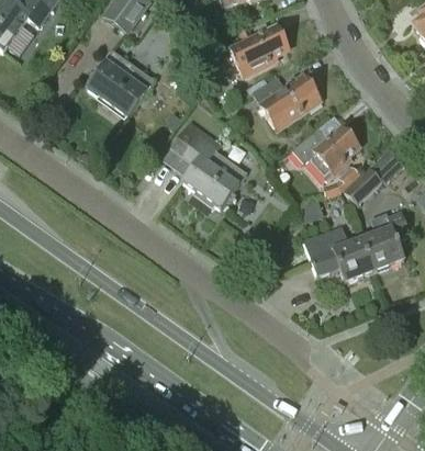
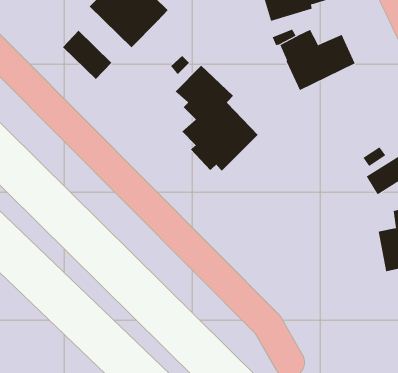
building: none -> [62,30,112,80]
building: [292,126,359,178] -> none
building: [304,225,374,281] -> none

